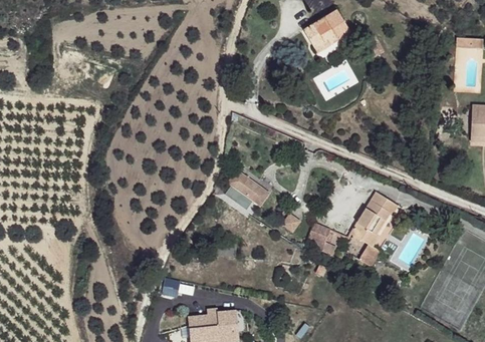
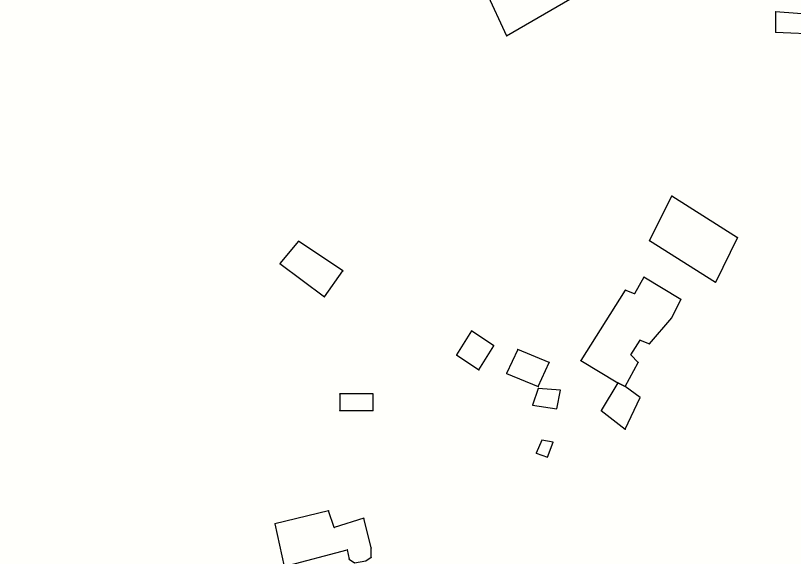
building: none -> [650,196,737,282]
building: [233,181,267,211] -> [280,241,343,297]

